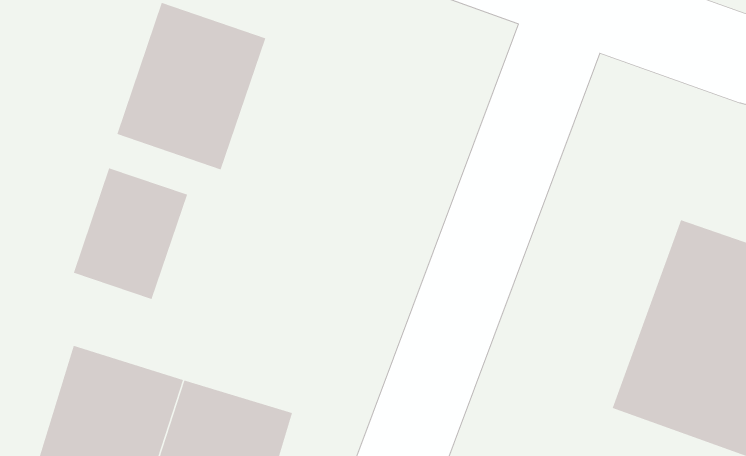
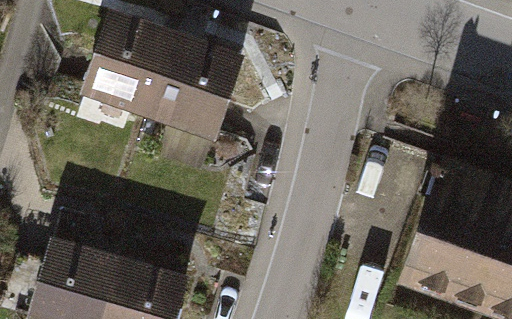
building: none -> [150,34,250,146]
building: [73,168,188,300] -> none

